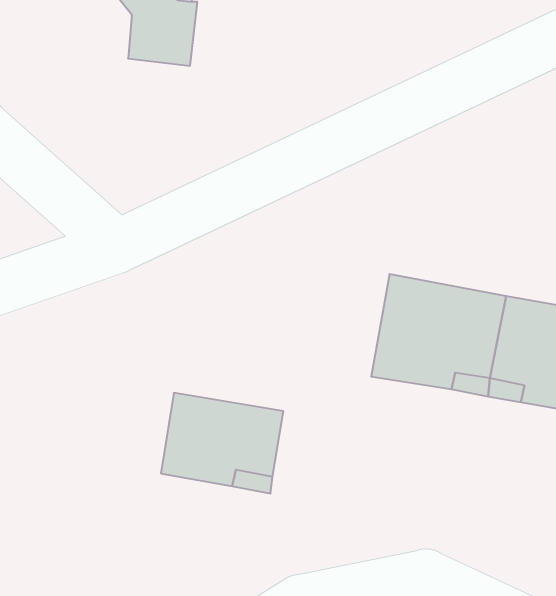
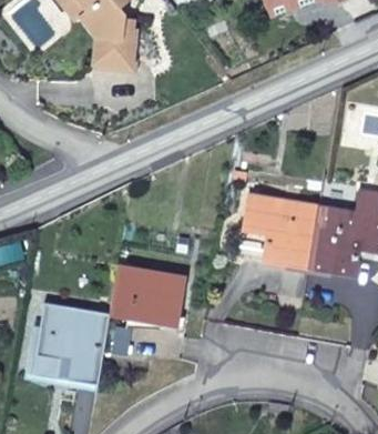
building: none -> [34,303,112,385]

